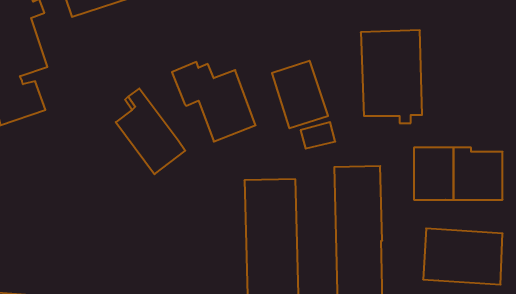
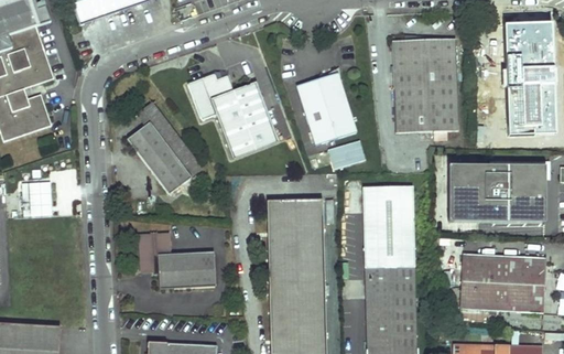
building: none -> [503,22,555,132]
building: none -> [21,181,51,215]
building: none -> [141,233,215,289]

